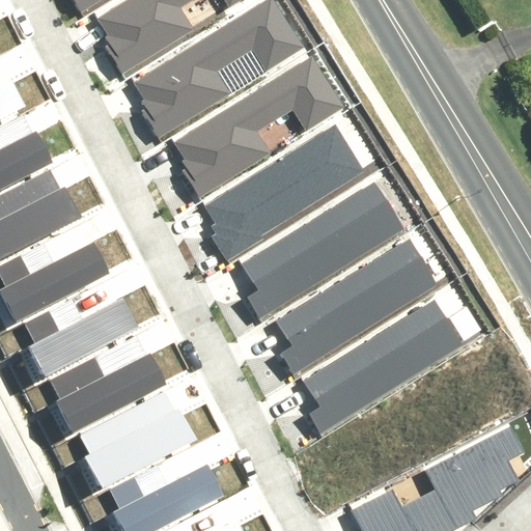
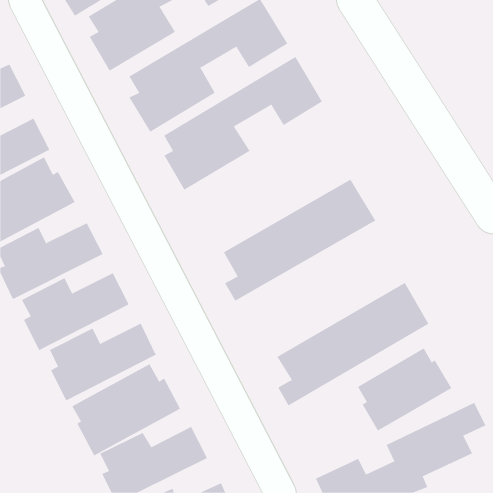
building: [209,135,372,268] -> none
building: [276,244,440,376] -> none
building: none -> [357,348,452,431]

